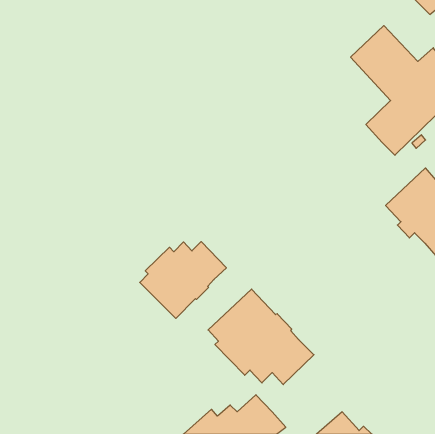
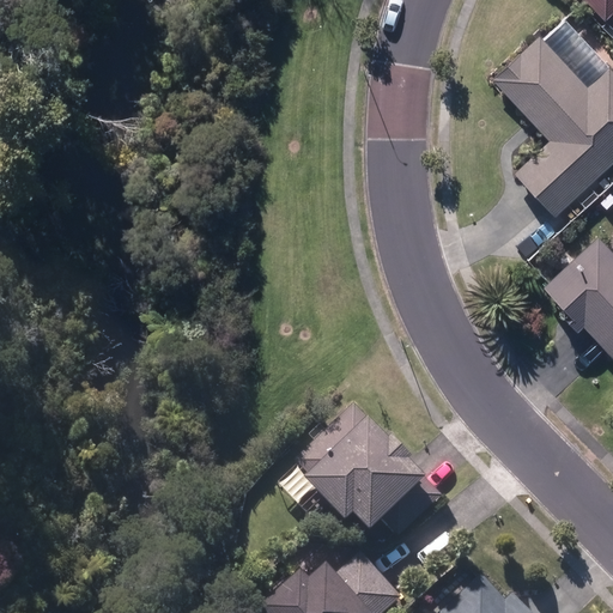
building: [140,242,226,318] -> none

